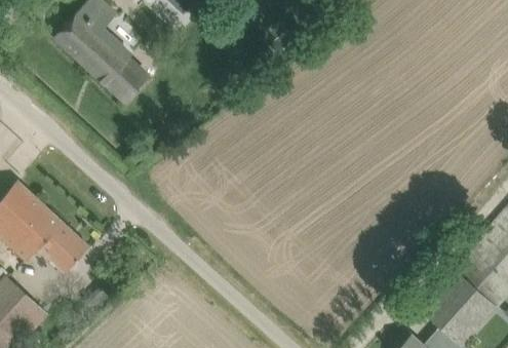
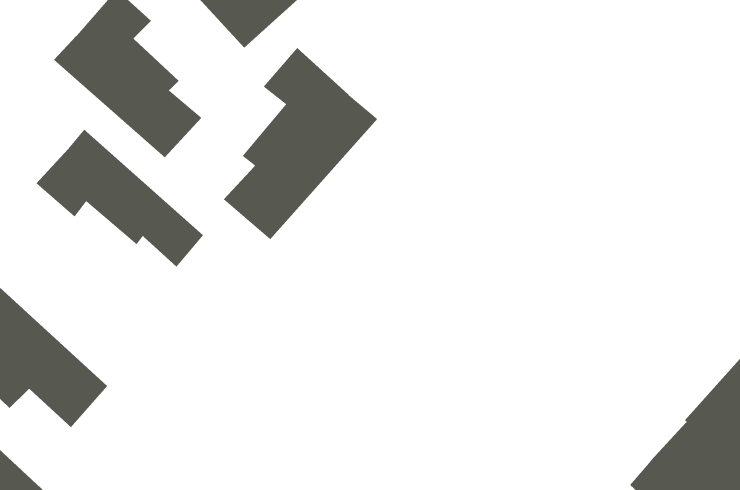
building: none -> [223,47,378,240]
building: none -> [36,129,204,267]

